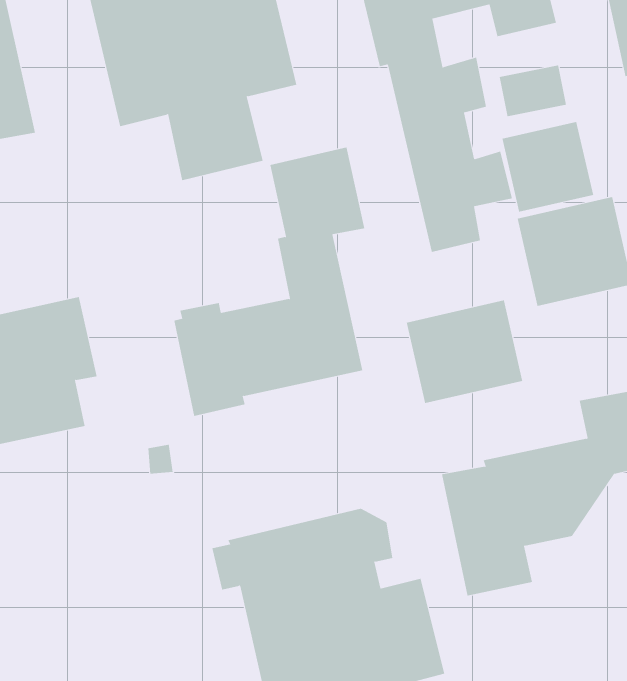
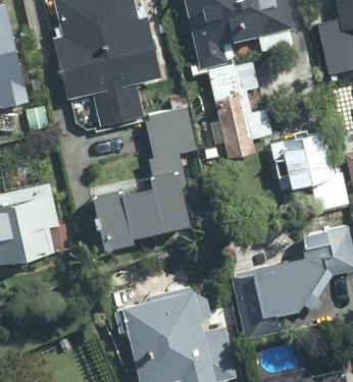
building: [502,121,594,213] -> none
building: [406,300,523,404] -> none

